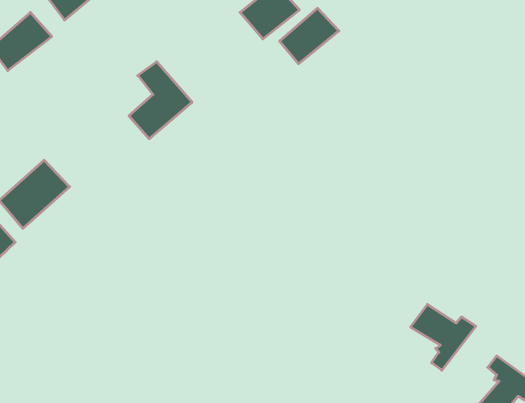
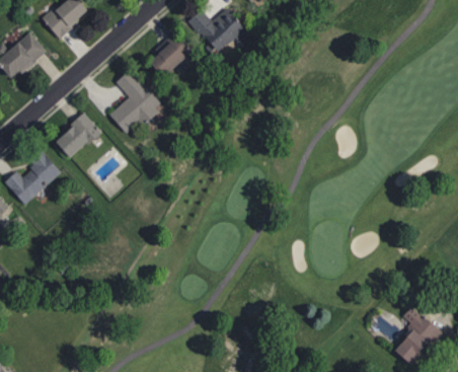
building: [280,8,339,64] -> [149,35,197,80]
building: none -> [55,113,104,158]
building: [411,304,476,370] -> none

